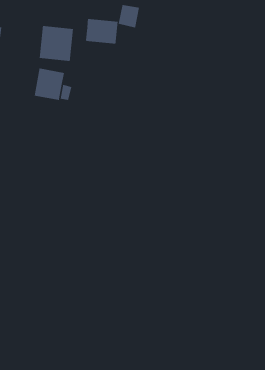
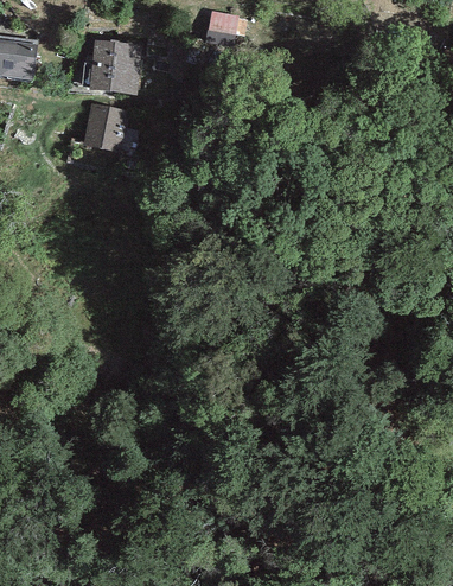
building: [85,18,118,44] -> none

